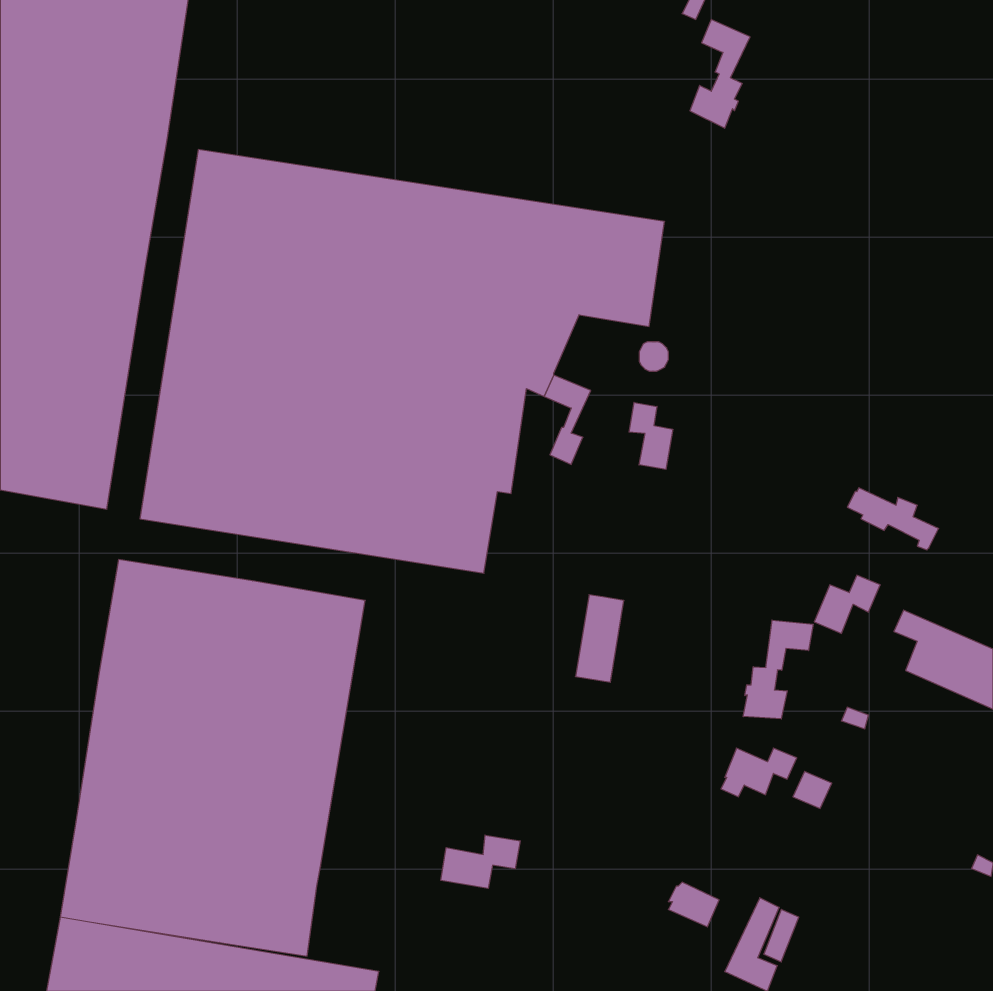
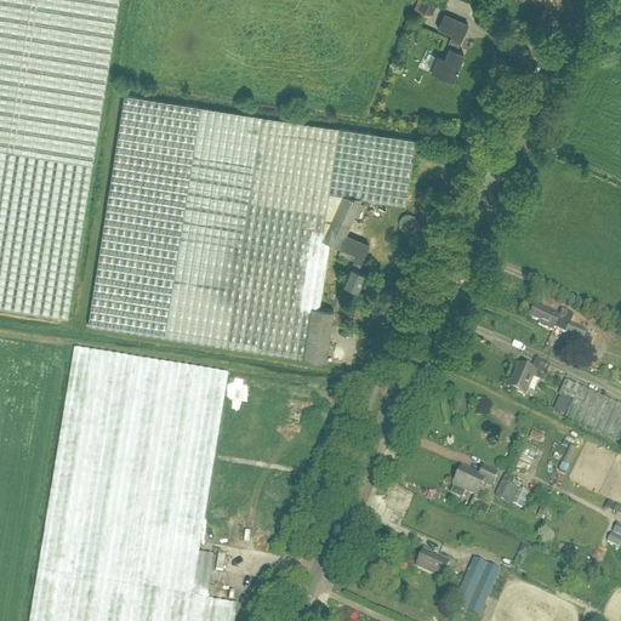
building: [629,402,673,469] -> none
building: [575,595,624,682] -> [302,307,332,361]
building: [743,620,813,719] -> none
building: [441,835,520,888] -> none
building: none -> [192,553,213,600]

